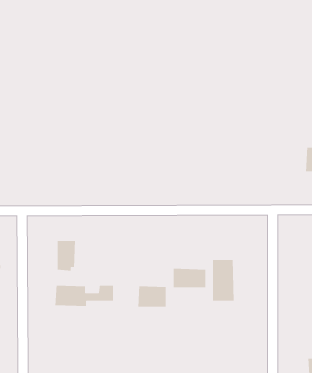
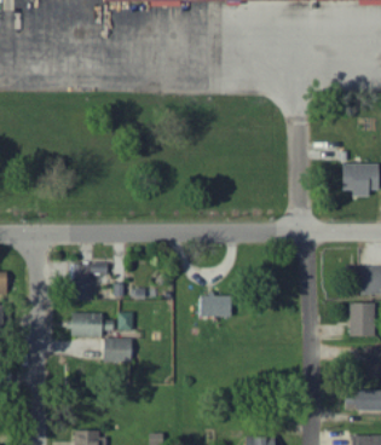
building: [212,259,235,302] -> none
building: [137,285,166,308] -> [100,337,132,362]

